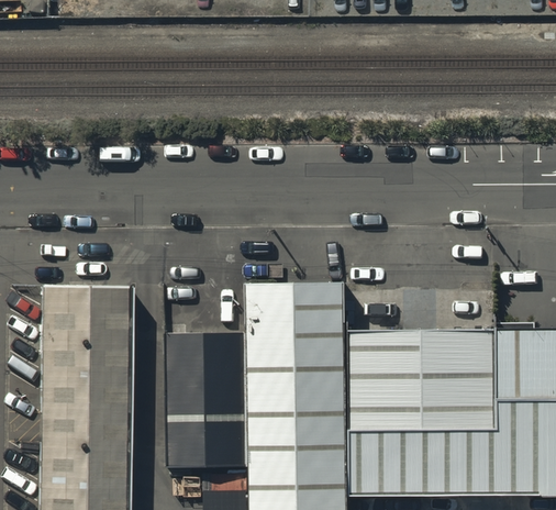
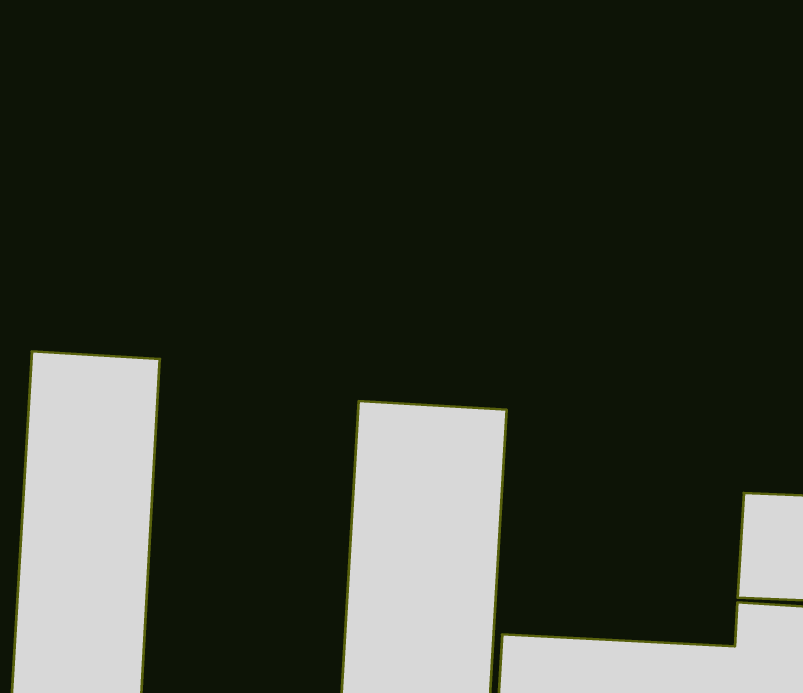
building: [357,334,507,431] -> none
building: [175,335,251,468] -> none

